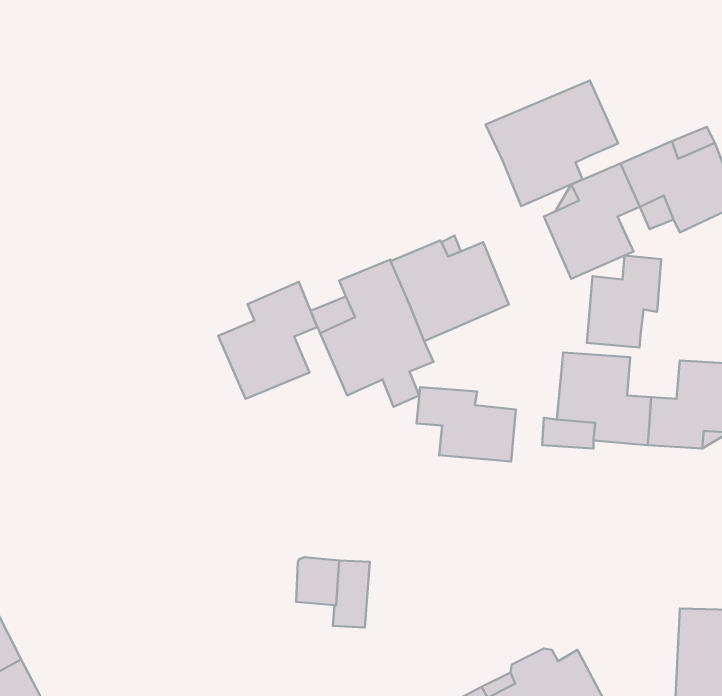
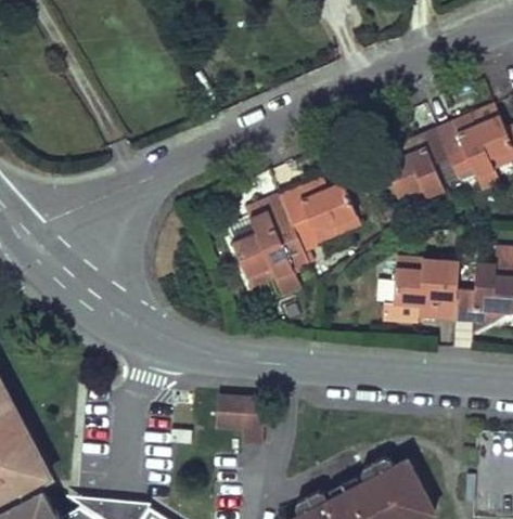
building: [486,80,618,206] -> none
building: [587,255,661,347] -> none
building: [218,282,317,399] -> none
building: [416,387,516,462] -> none

